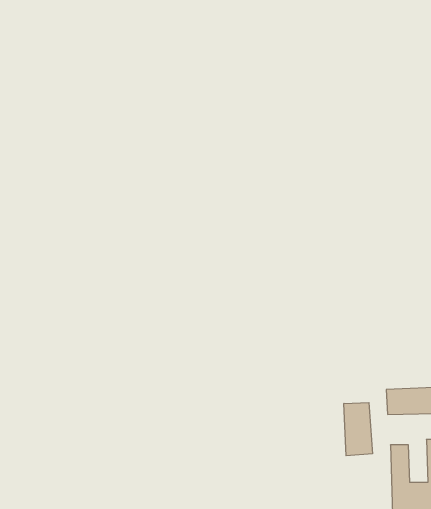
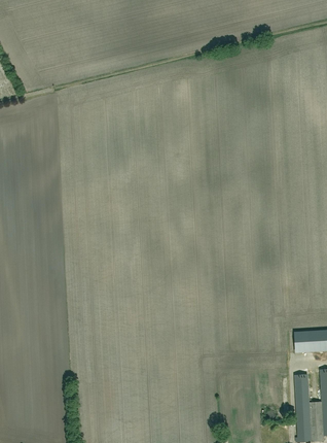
building: [344,403,372,456] -> none

